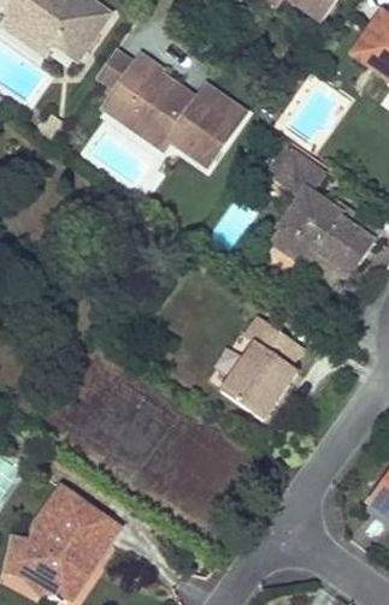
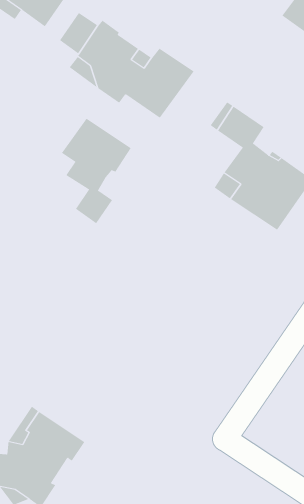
building: none -> [61,118,131,224]
building: [230,314,317,423] -> none

